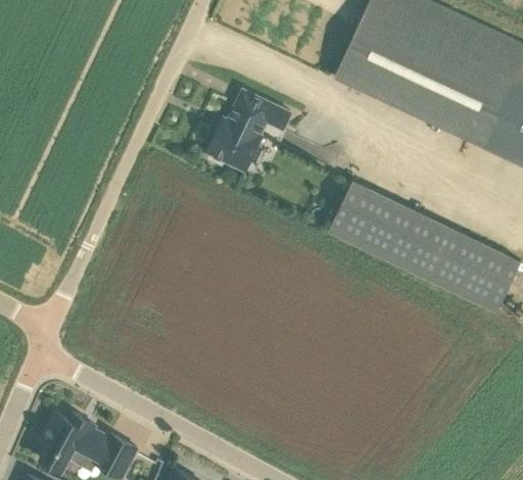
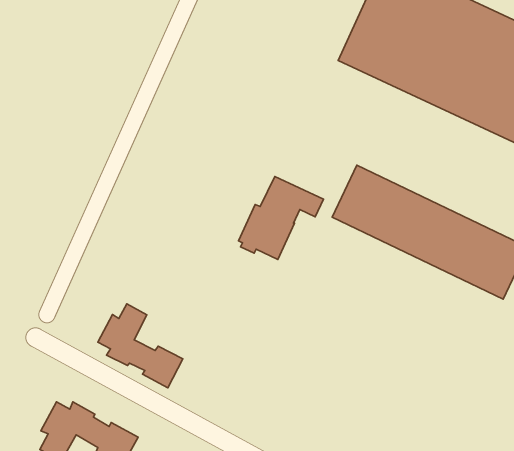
building: [207,90,291,172] -> [239,176,324,259]
building: none -> [98,304,183,388]

